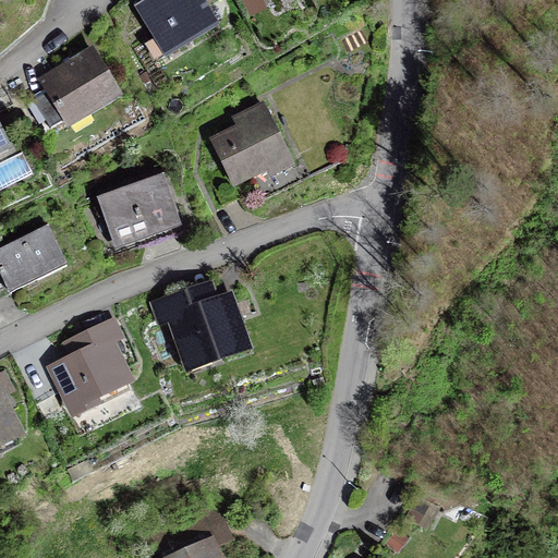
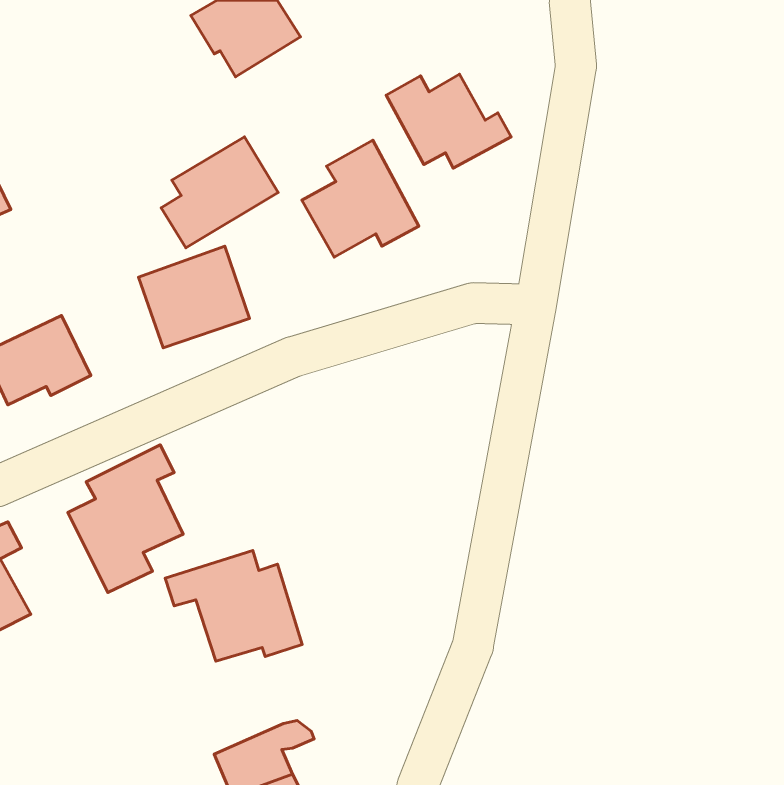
building: [32,52,114,131] -> [161,137,278,248]
building: none -> [386,74,511,168]
building: [149,286,246,364] -> [165,550,302,661]

